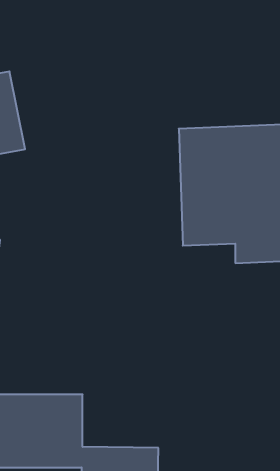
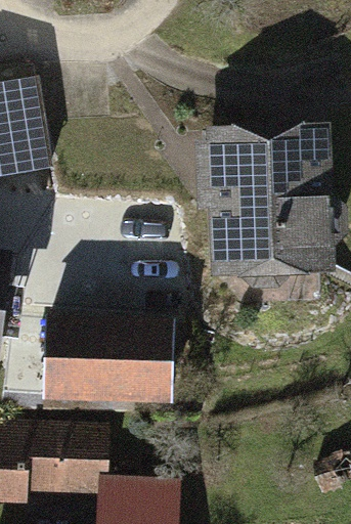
building: none -> [38,323,172,405]

